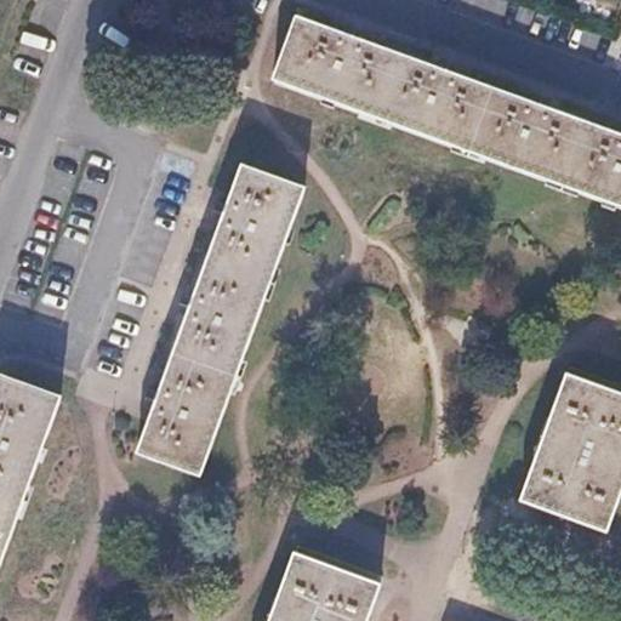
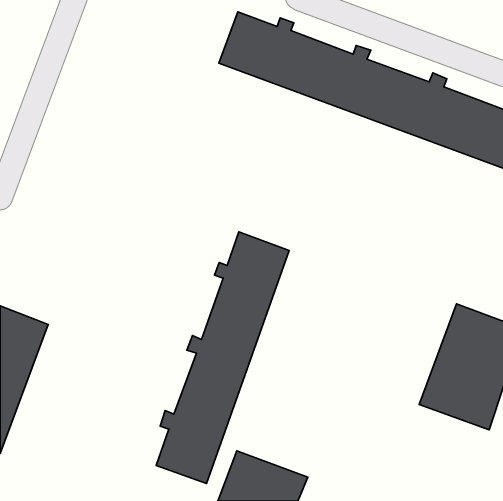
building: [138,165,302,474] -> [156,232,289,483]

